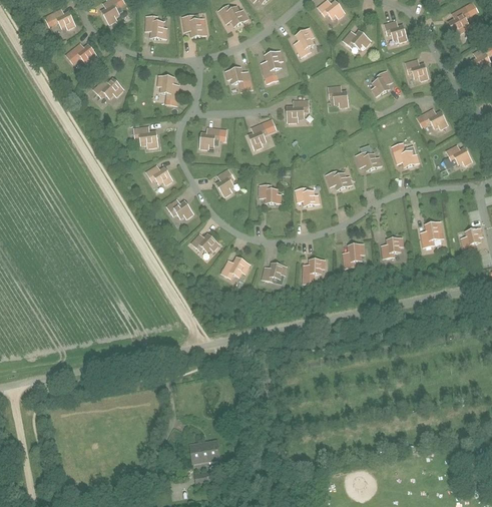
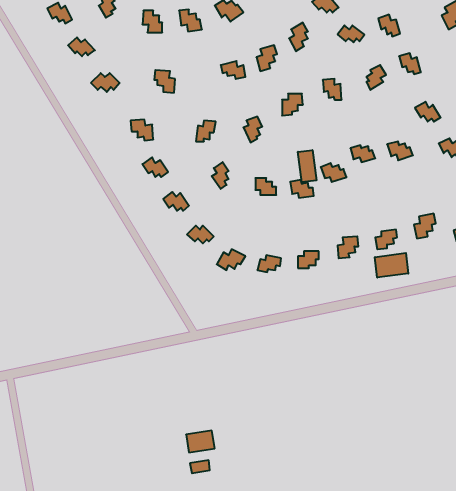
building: none -> [298,150,316,182]
building: none -> [375,253,408,278]

